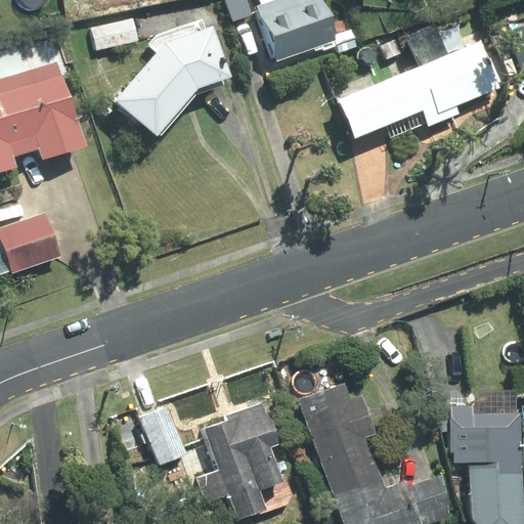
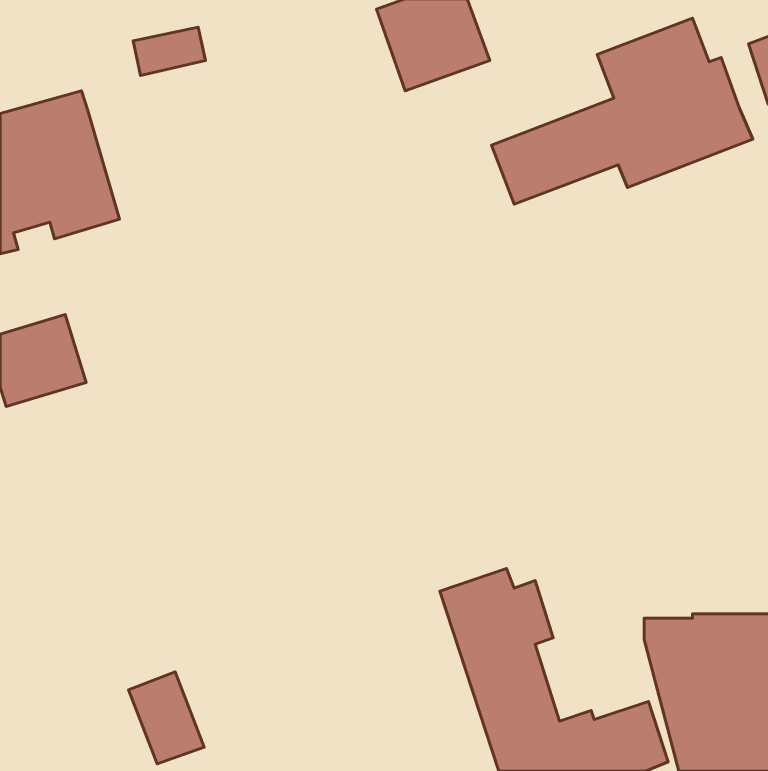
building: [114,27,227,136] -> none
building: [194,400,283,518] -> none
building: [138,402,189,465] -> [128,672,204,764]

